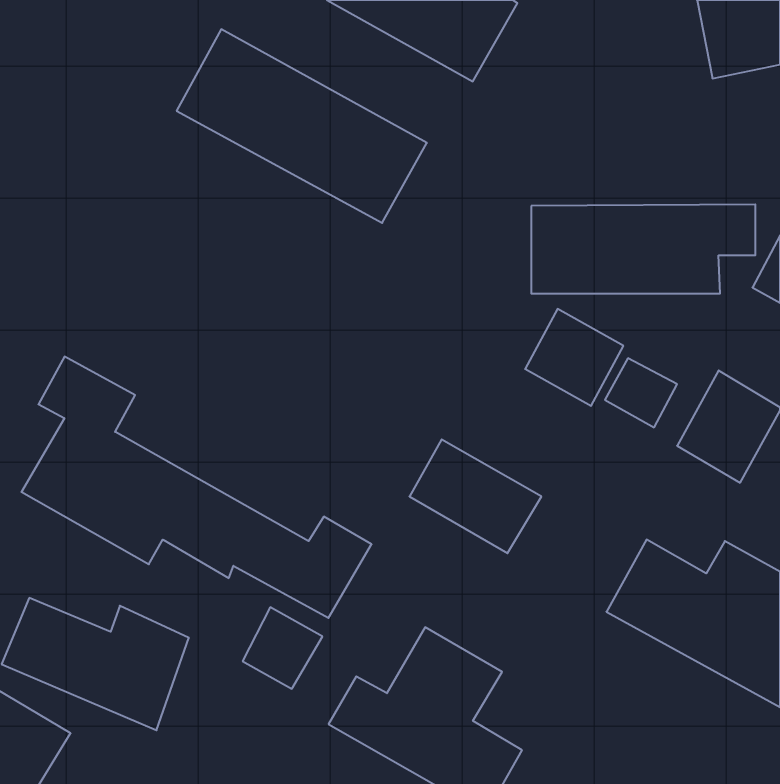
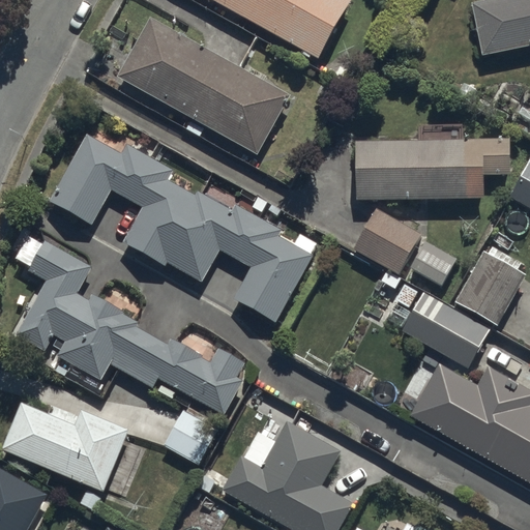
building: none -> [47,134,312,321]
building: [409,439,541,553] -> [400,292,489,369]

